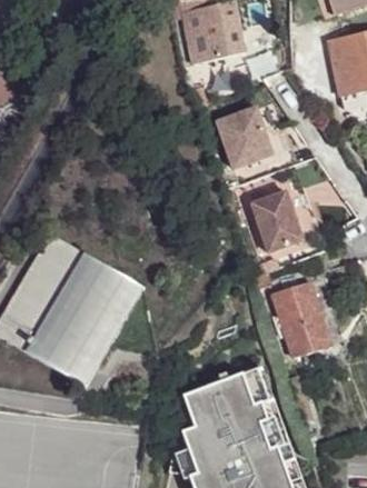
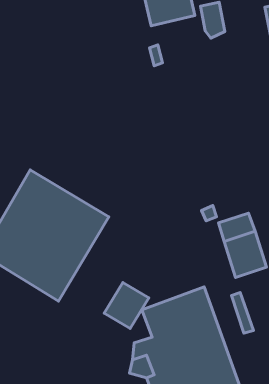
building: [216,108,290,182] -> none
building: [249,187,318,255] -> none
building: none -> [104,282,149,329]

